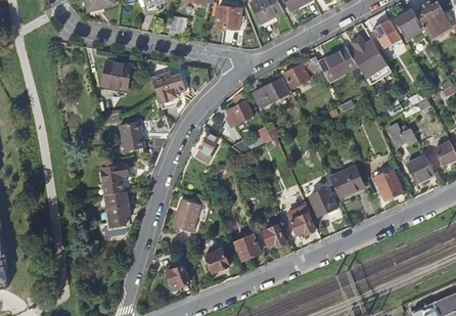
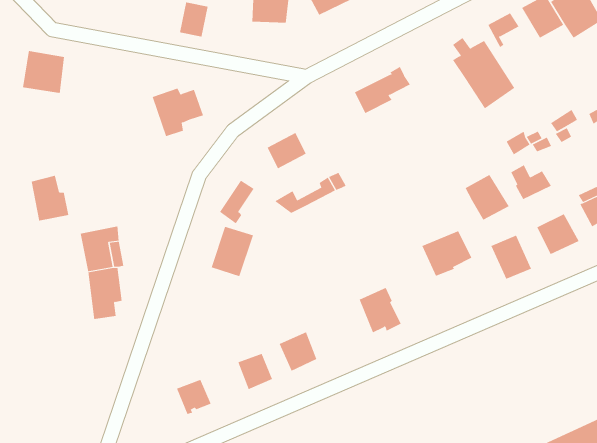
building: [318,49,358,81] -> none
building: [102,61,131,90] -> [22,51,65,94]
building: [254,79,289,107] -> none
building: [120,122,145,152] -> [31,175,69,221]
building: none -> [465,174,510,221]
building: [310,189,336,217] -> none
building: [172,199,200,233] -> [211,226,254,277]
building: [257,225,286,247] -> none

